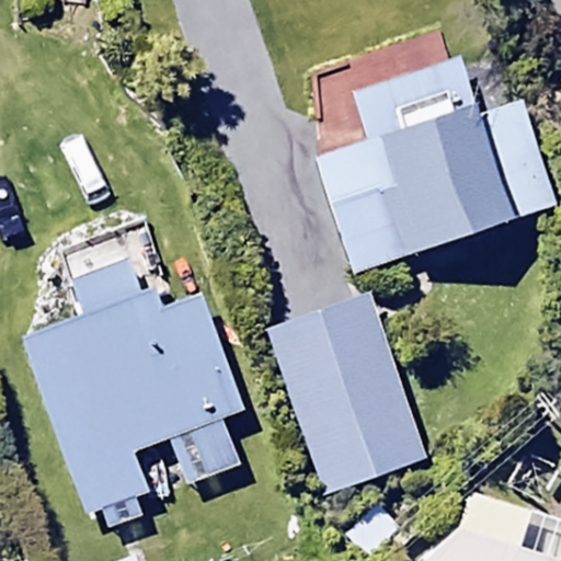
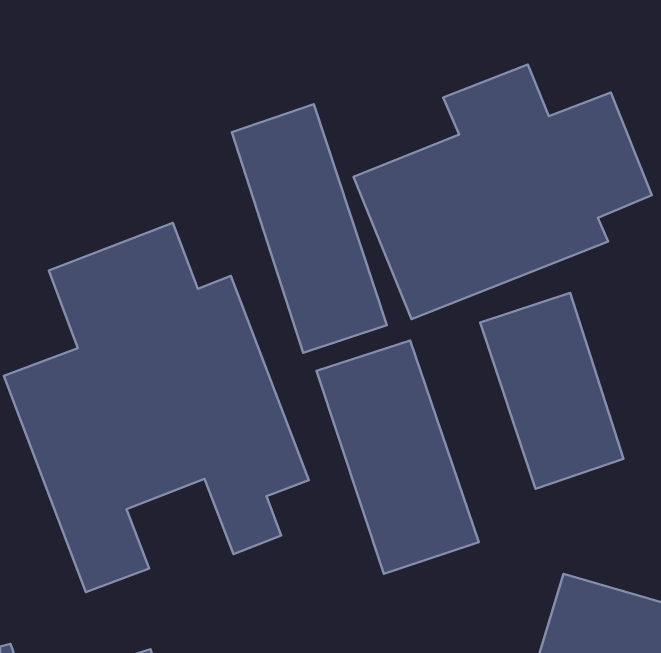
building: none -> [232,104,387,353]
building: none -> [480,293,624,489]

